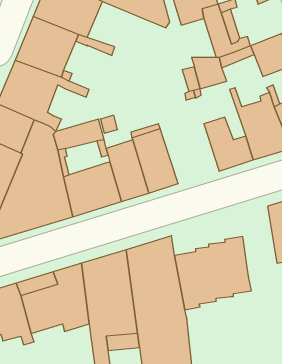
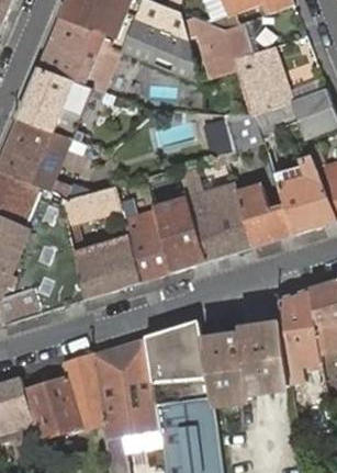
building: none -> [190,184,255,260]
building: none -> [279,286,323,368]

